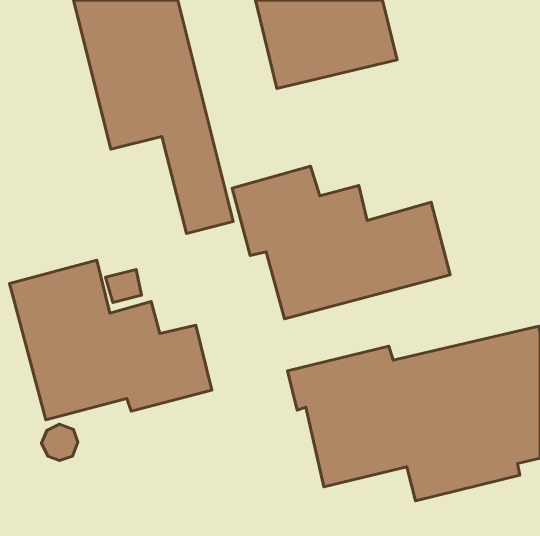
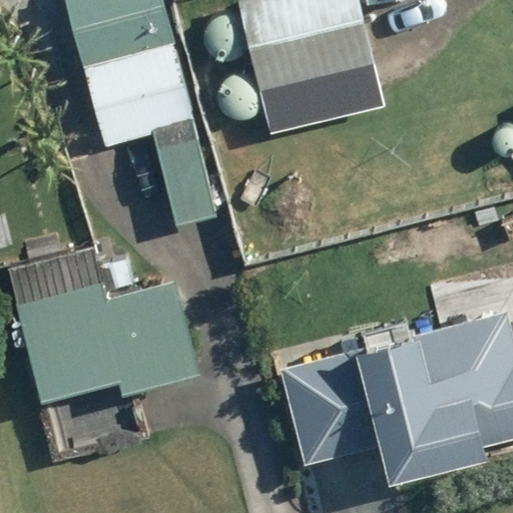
building: [232,166,450,319] -> none

